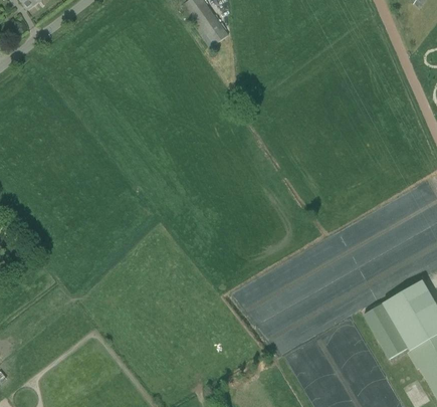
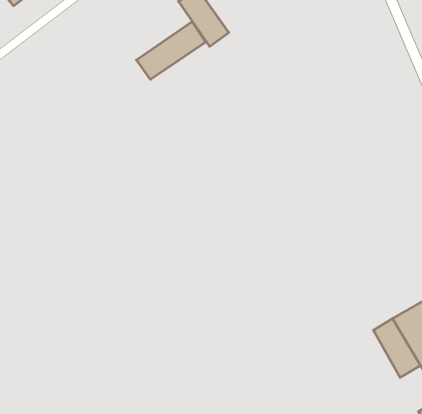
building: none -> [136,21,206,79]

